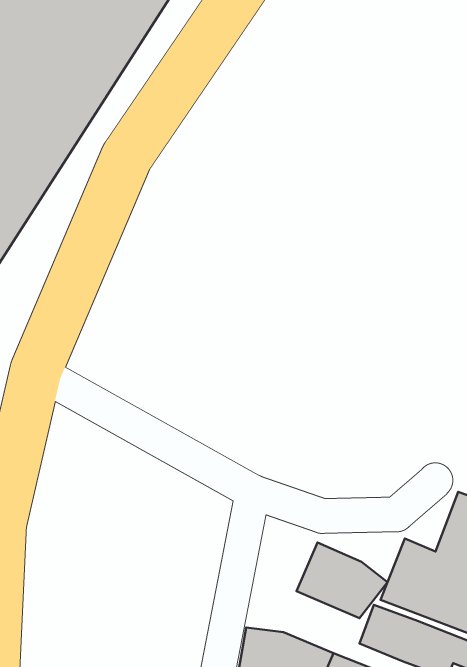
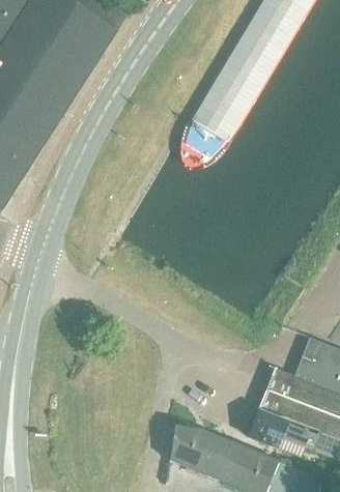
building: [296,542,387,618] -> none

